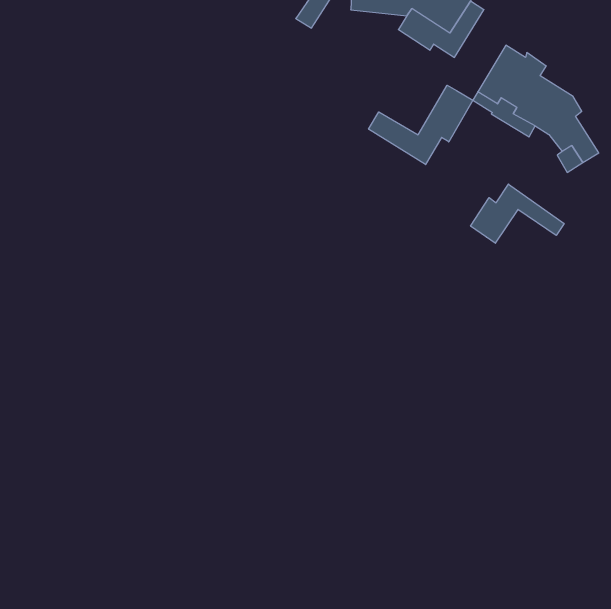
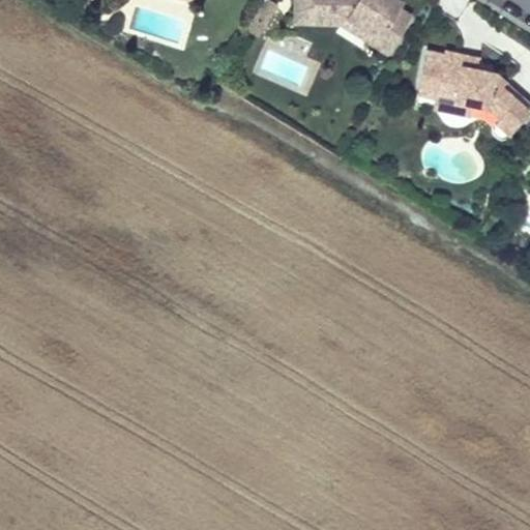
building: [369,85,473,165] -> none
building: [471,184,564,243] -> none

